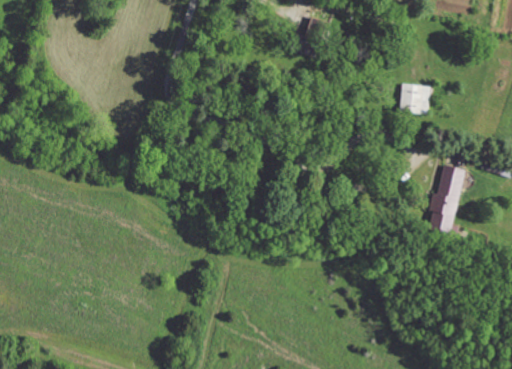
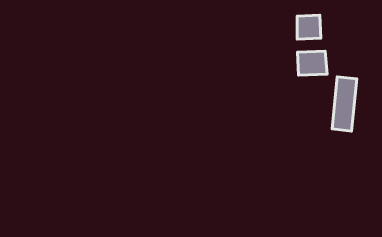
building: none -> [298,51,327,75]

